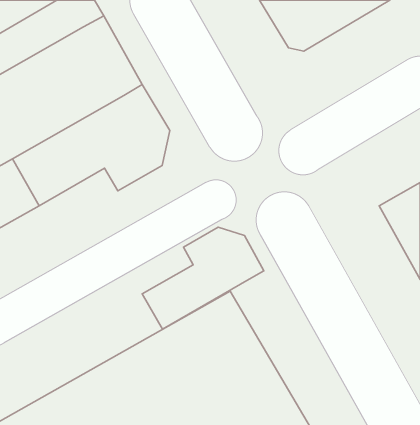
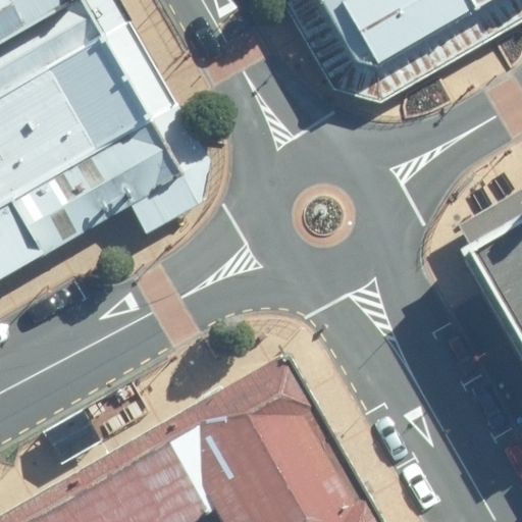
building: [142,227,264,329] -> none

